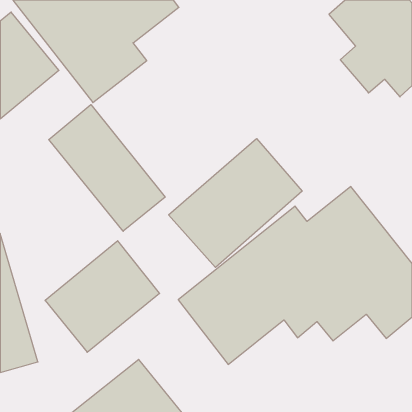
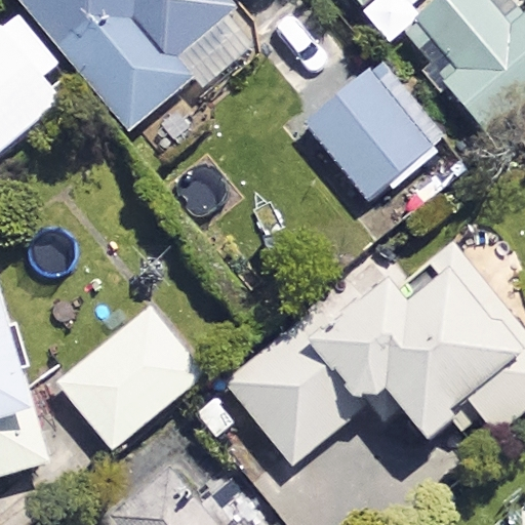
building: none -> [305,67,436,198]
building: [49,105,165,231] -> none
building: [169,139,302,267] -> none

